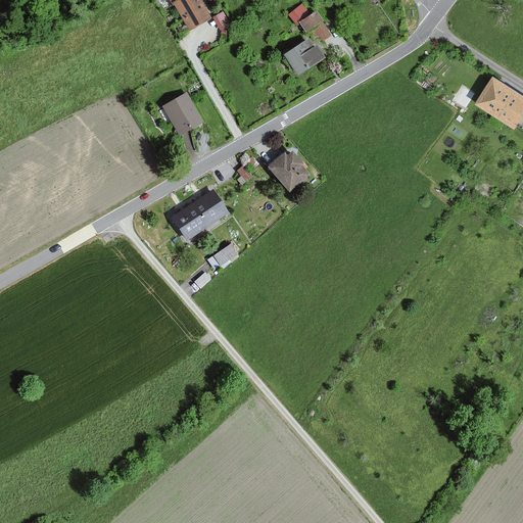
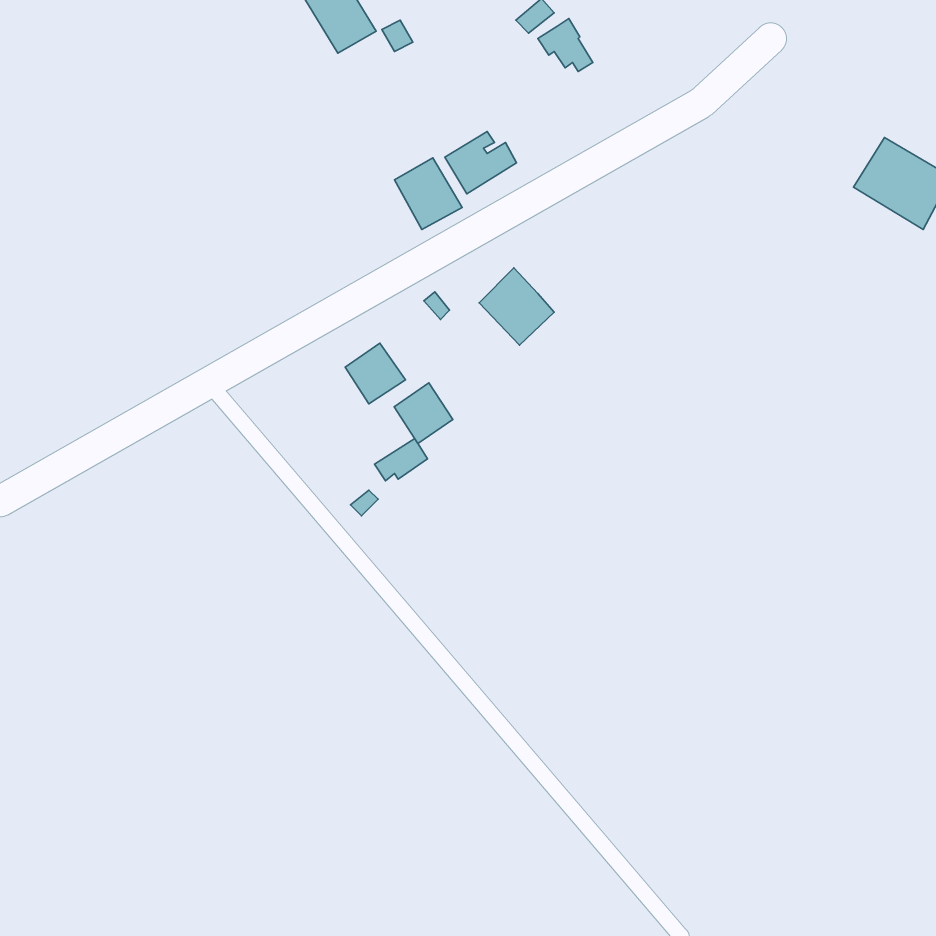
building: [283,40,323,75] -> [445,132,516,194]
building: [165,94,203,134] -> [394,158,462,229]
building: [174,204,206,238] -> [394,383,453,443]

